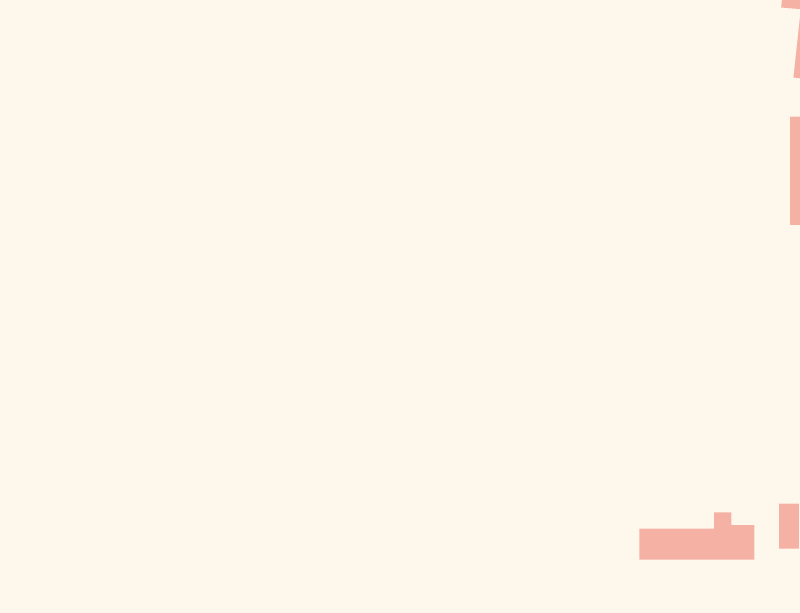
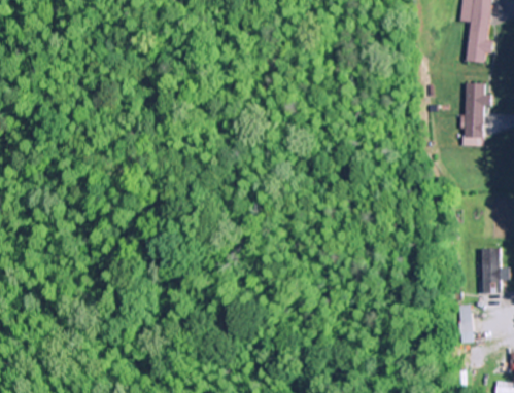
building: [639,512,755,561] -> none

